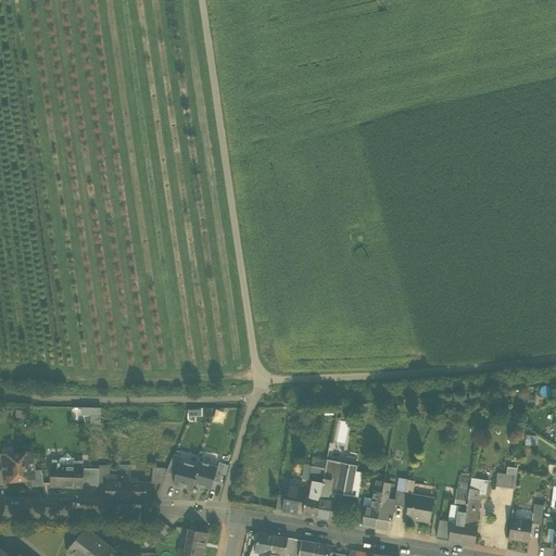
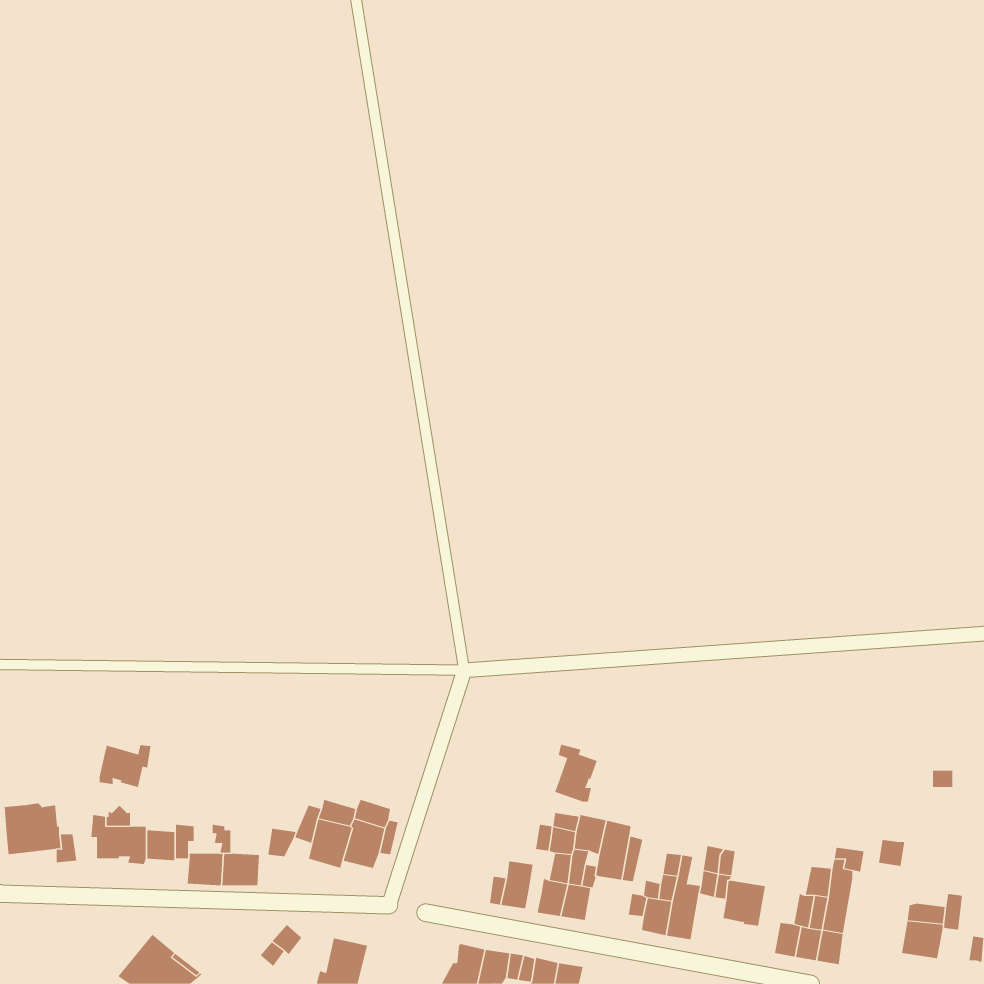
building: none -> [554,744,598,802]
building: none -> [99,744,151,788]

